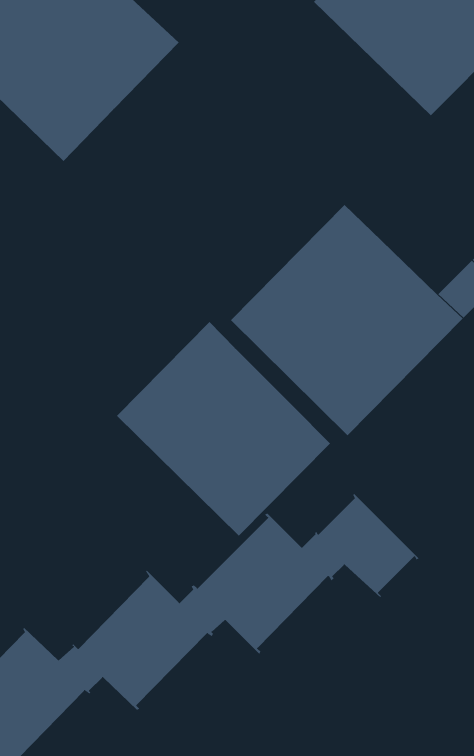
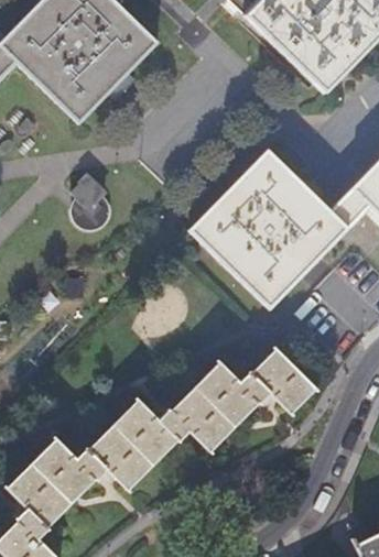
building: none -> [71,176,111,231]
building: [116,321,331,537] -> none

